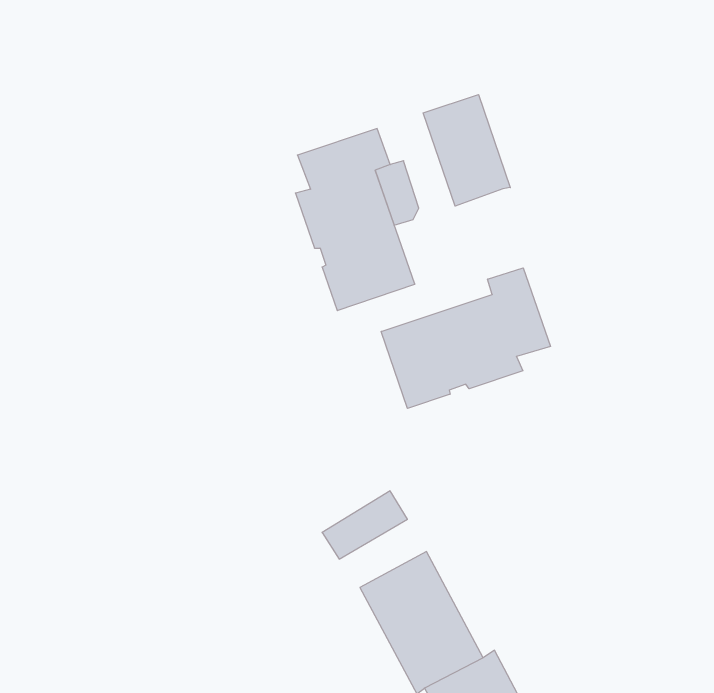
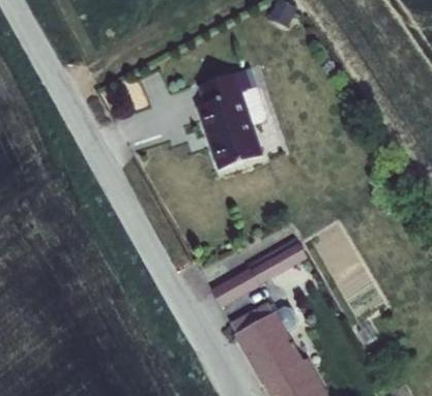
building: [423,95,510,206] -> none
building: [381,268,551,408] -> none

